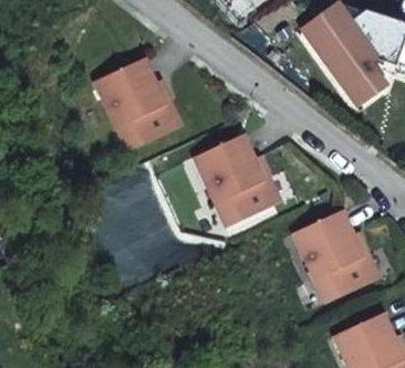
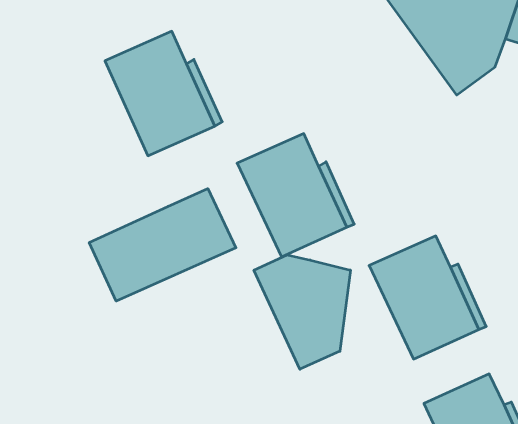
building: none -> [89,189,236,301]
building: none -> [254,255,350,369]

